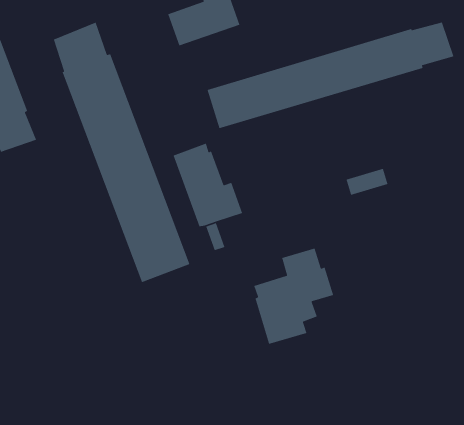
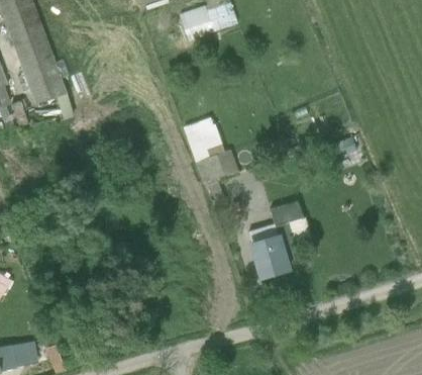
building: [53,21,190,283] -> none
building: [207,22,455,129] -> none

